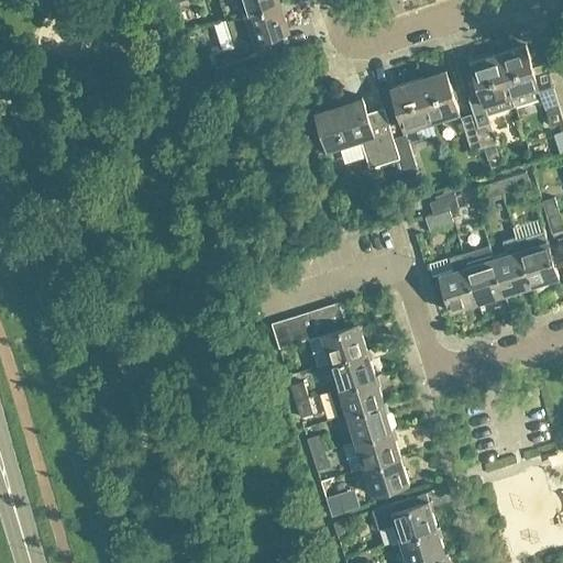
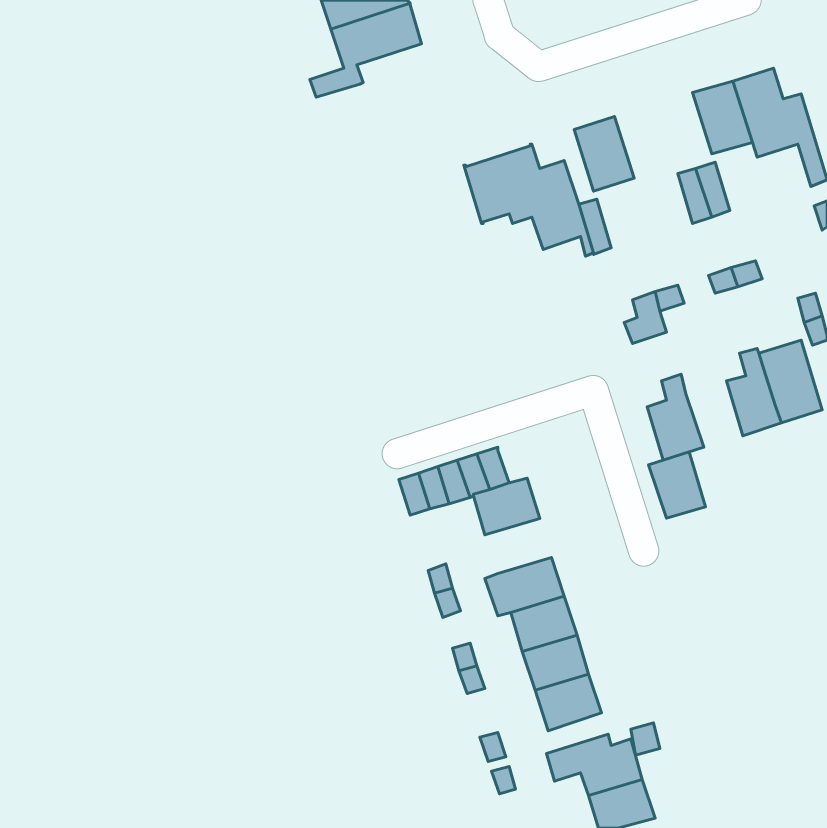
building: [417,71,457,121] -> none
building: [465,258,504,303] -> [649,452,705,518]
building: [329,352,374,389] -> none

